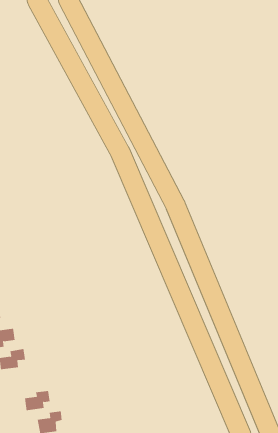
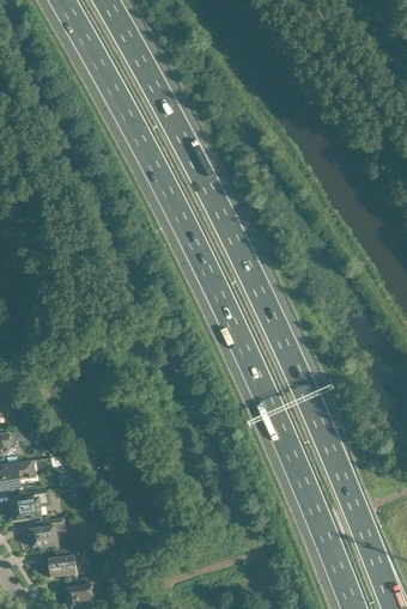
building: none -> [28,519,65,547]

